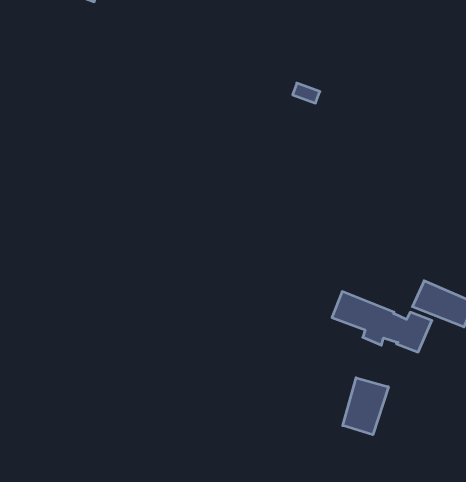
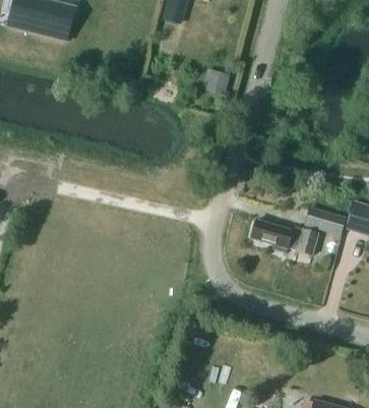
building: [343,378,388,435] -> none

